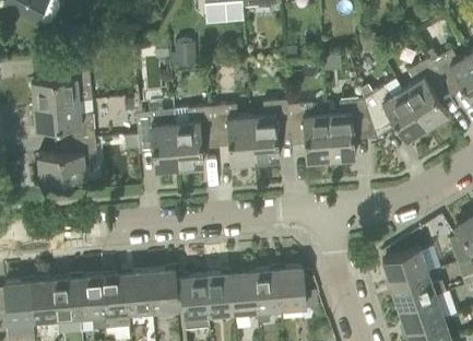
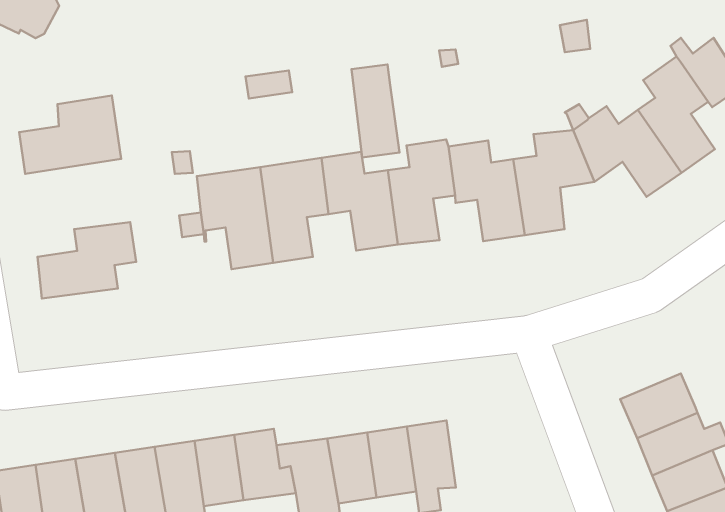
building: none -> [352,65,400,158]
building: [34,101,95,141] -> none
building: [277,268,305,309] -> none

